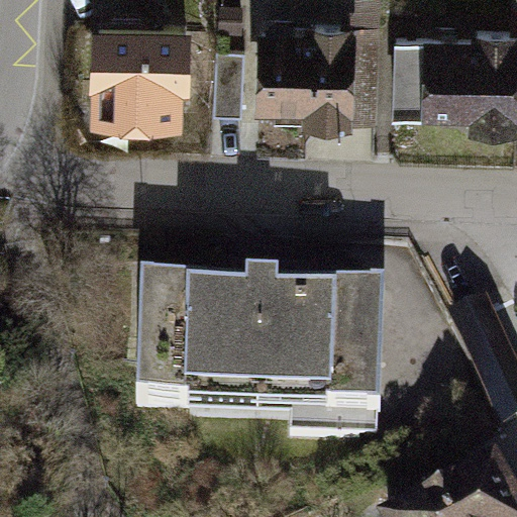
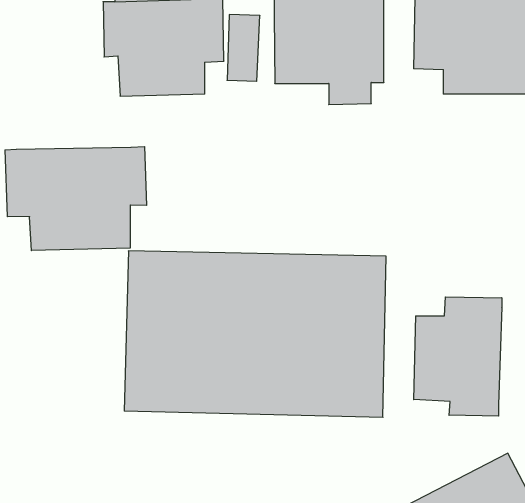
building: none -> [5,147,146,251]
building: none -> [414,297,502,416]

